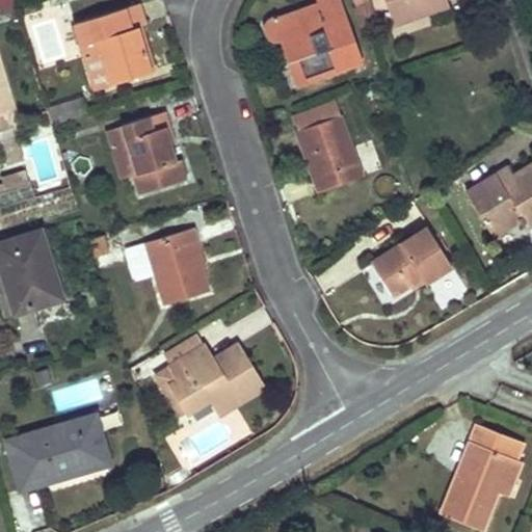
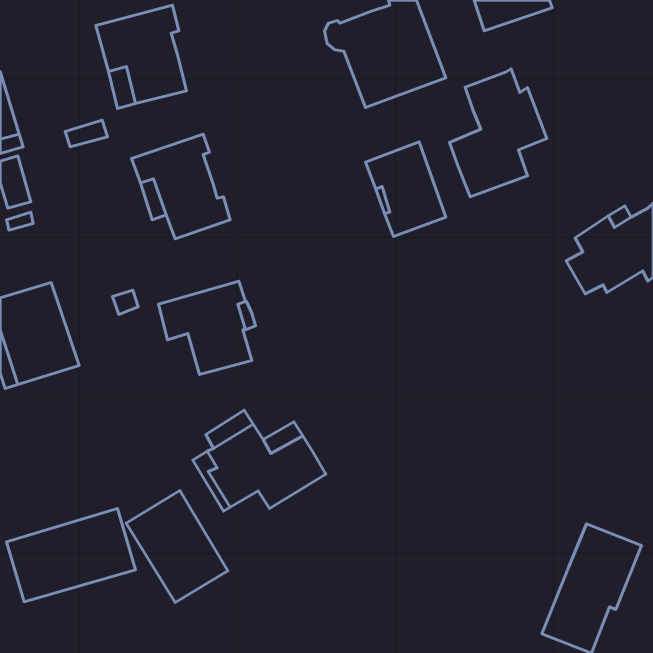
building: none -> [449,69,547,197]
building: [372,228,452,295] -> none
building: none -> [126,491,228,603]

